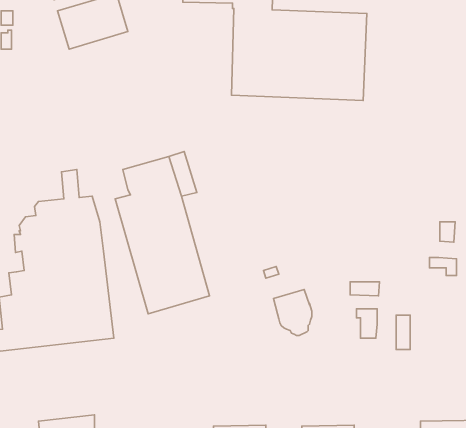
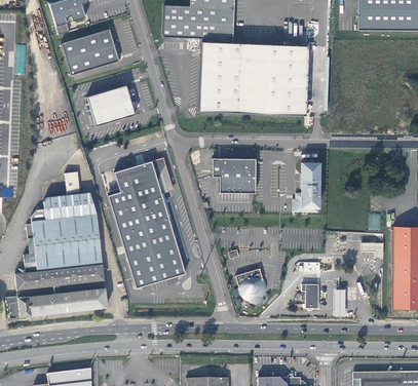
building: none -> [86,84,135,125]
building: none -> [212,157,255,192]
building: none -> [296,159,318,210]

